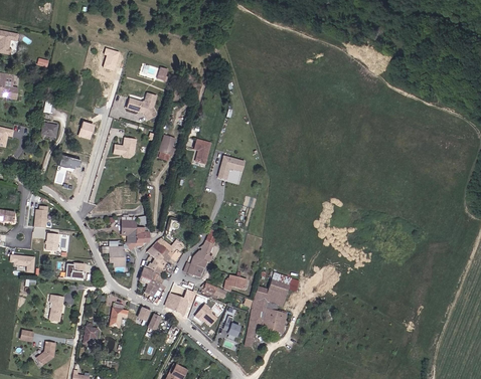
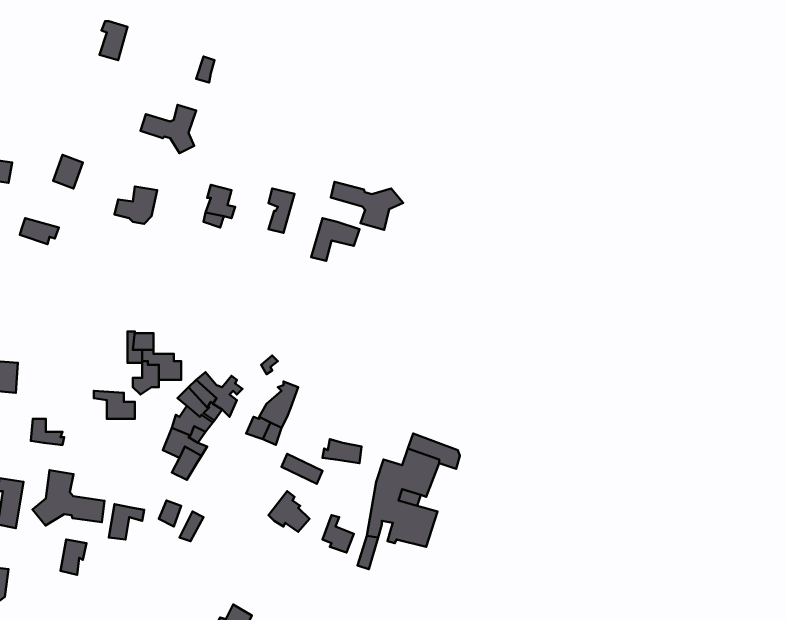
building: none -> [331,182,403,230]
building: [164,289,196,314] -> none
building: none -> [33,470,104,525]

